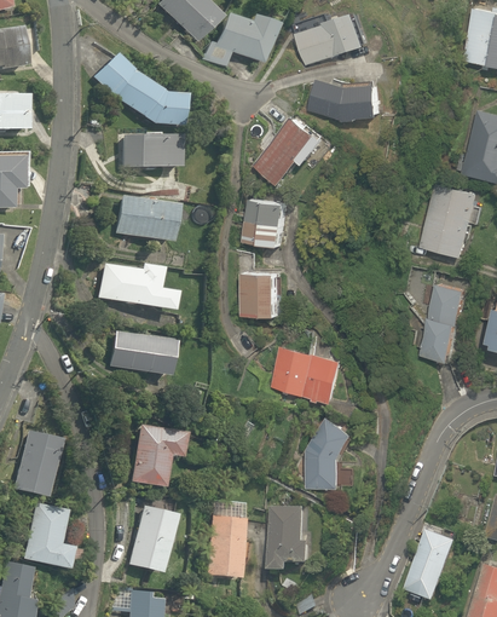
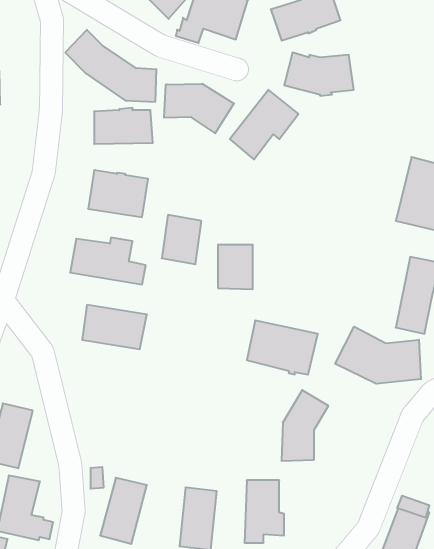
building: none -> [164,84,234,133]
building: [249,196,289,246] -> [162,215,201,264]
building: none -> [335,327,421,384]
building: [129,423,183,485] -> none

